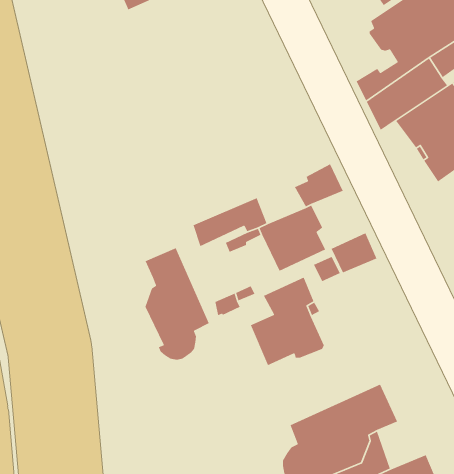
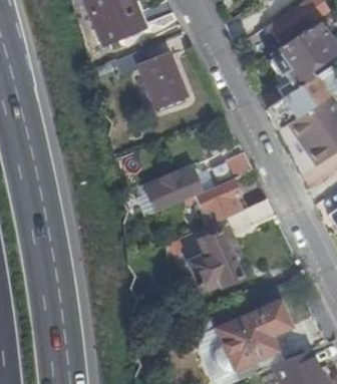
building: none -> [117,47,187,107]
building: [144,247,210,360] -> none

